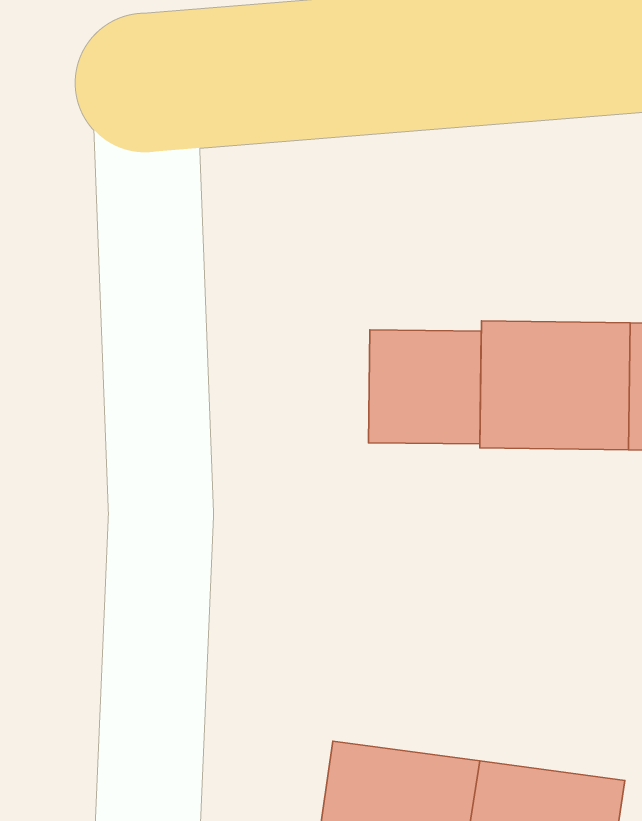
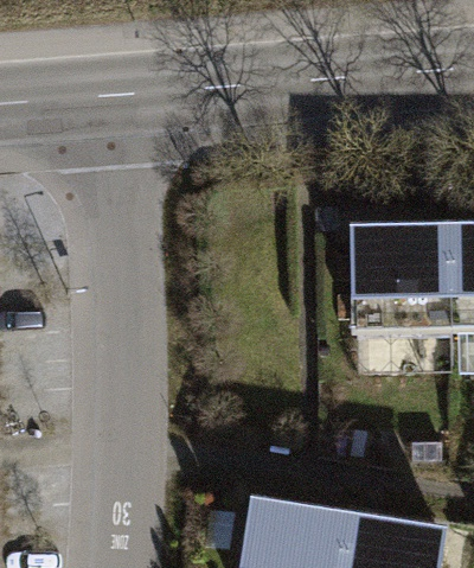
building: [369,330,481,444] -> none

